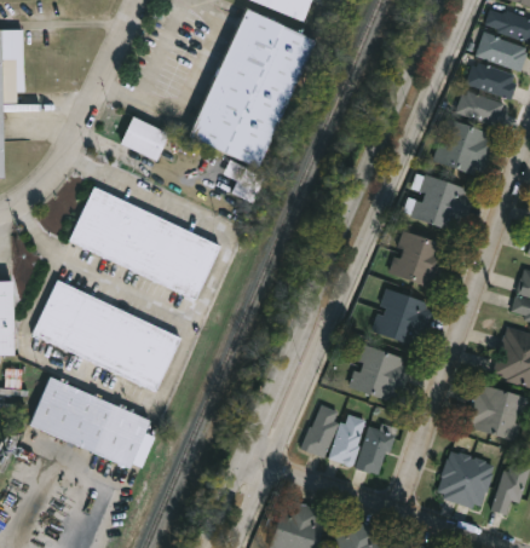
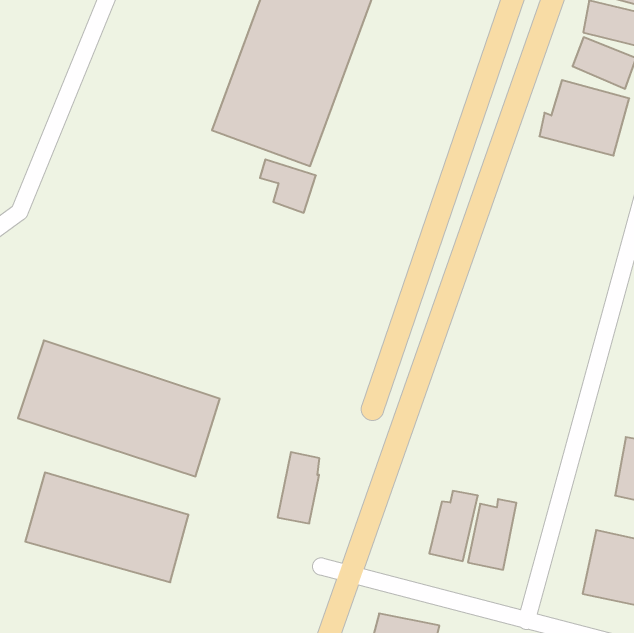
building: [121,121,166,158] -> none
building: [404,174,467,230] -> none
building: [68,189,220,298] -> none
building: [386,230,447,288] -> none
building: [373,289,431,346] -> none
building: [350,345,411,403] -> none
building: [301,403,335,456] -> [278,452,319,523]

